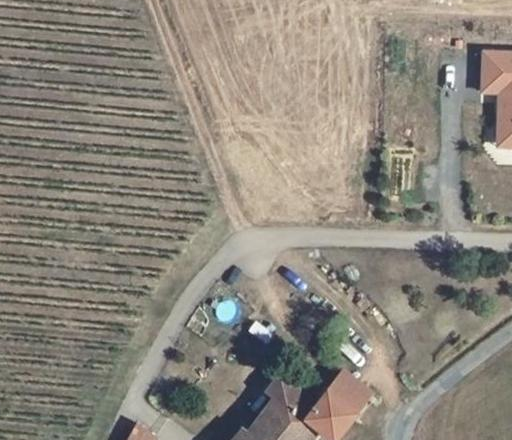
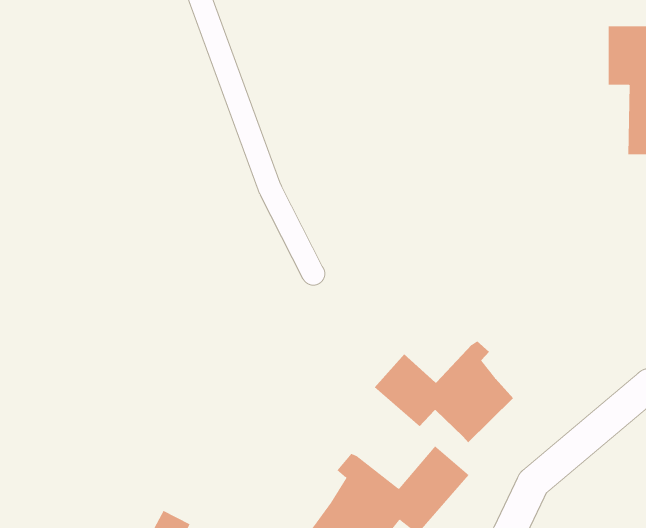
building: none -> [374,340,514,443]

